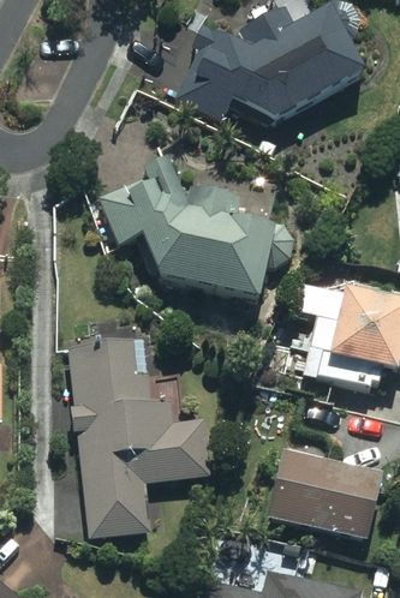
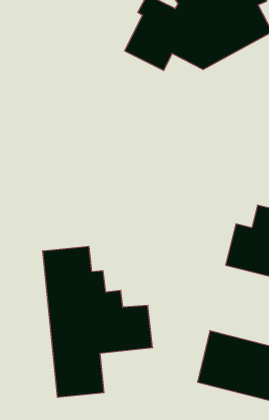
building: [98,163,294,297] -> none

